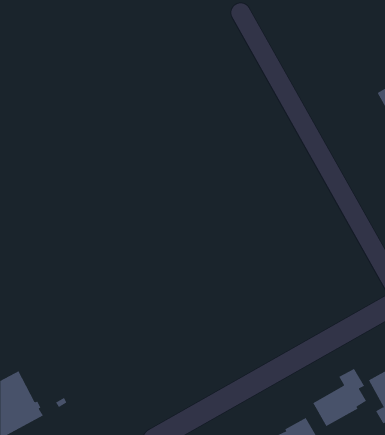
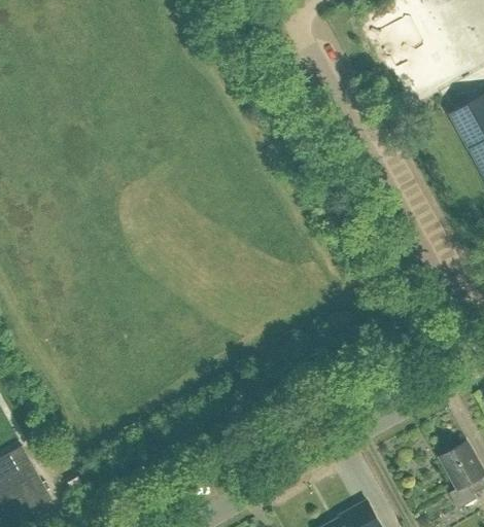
building: [312,368,367,427] -> none

